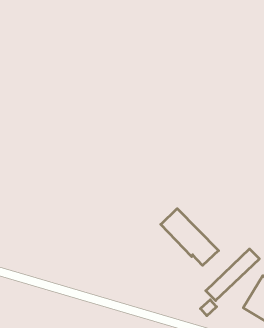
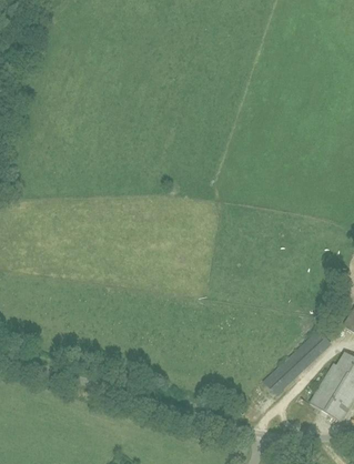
building: [161,209,219,265] -> none

